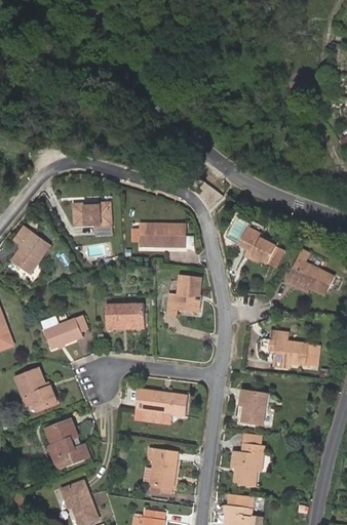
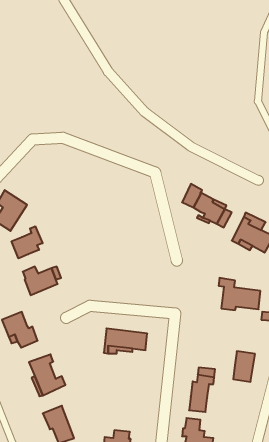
building: [71,202,108,233] -> none
building: [137,221,182,243] -> none
building: none -> [12,226,43,258]
building: [165,273,198,312] -> none
building: [102,306,141,330] -> none
building: [244,391,270,427] -> [233,351,255,382]
building: [145,448,178,493] -> none

